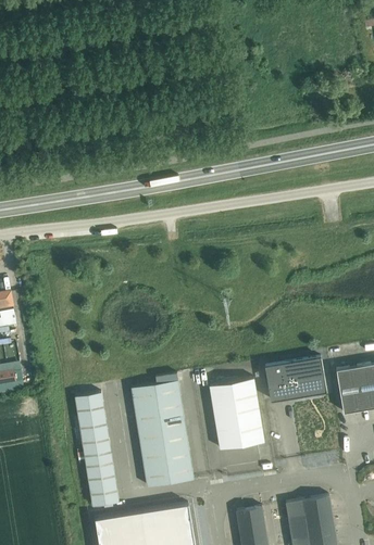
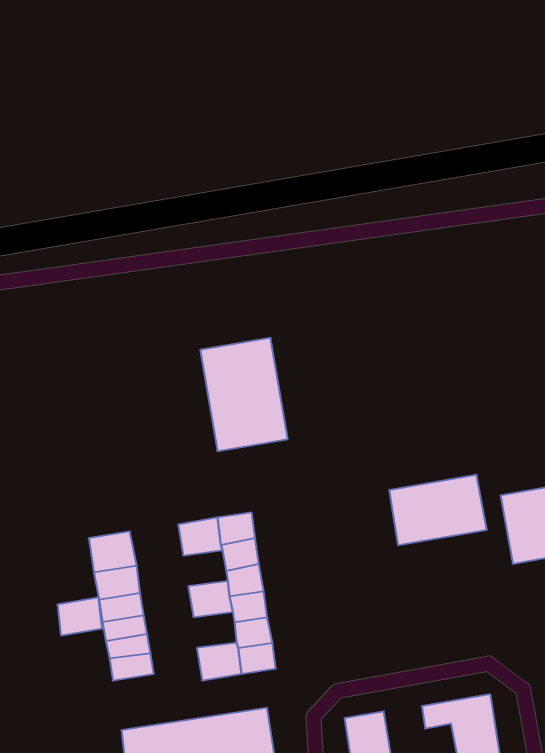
building: [209,378,264,449] -> [200,338,288,451]
building: [135,404,163,427] -> none
building: [141,443,169,466] -> none
building: [90,482,119,506] -> [57,598,102,635]

